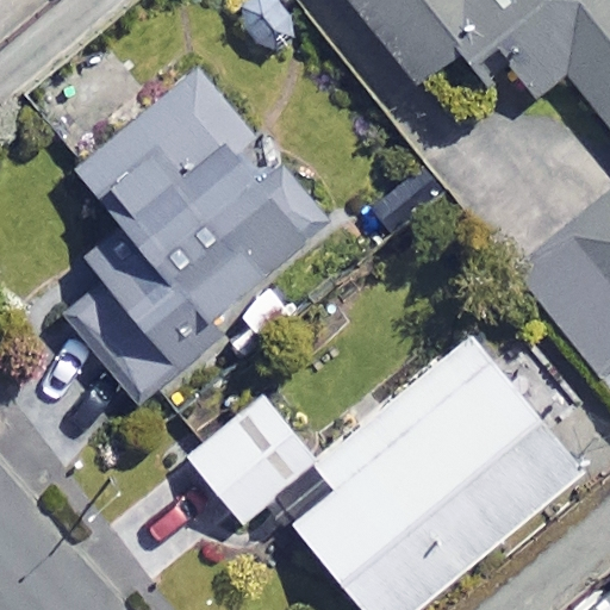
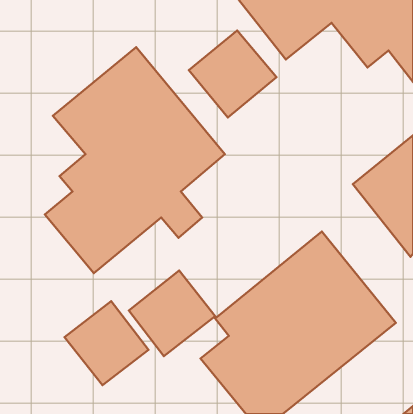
building: none -> [189,30,277,118]
building: none -> [65,301,149,385]

